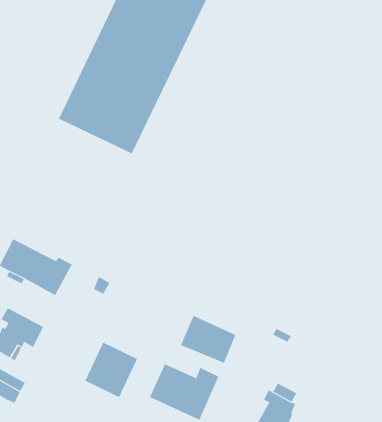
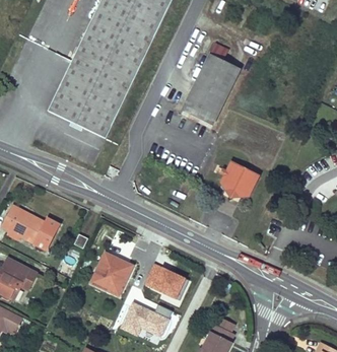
building: none -> [183,54,241,125]
building: none -> [220,160,261,197]
building: [85,342,138,398] -> [91,252,133,295]

